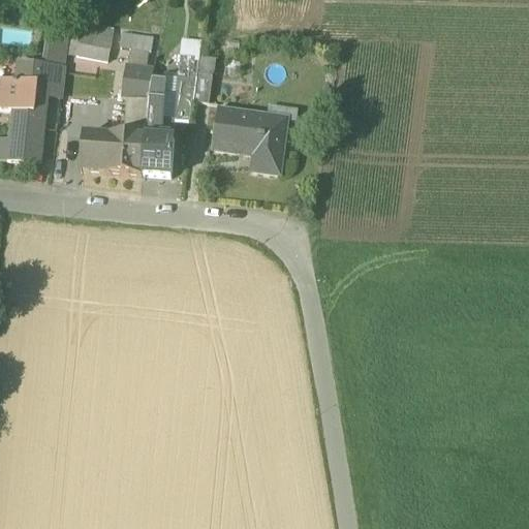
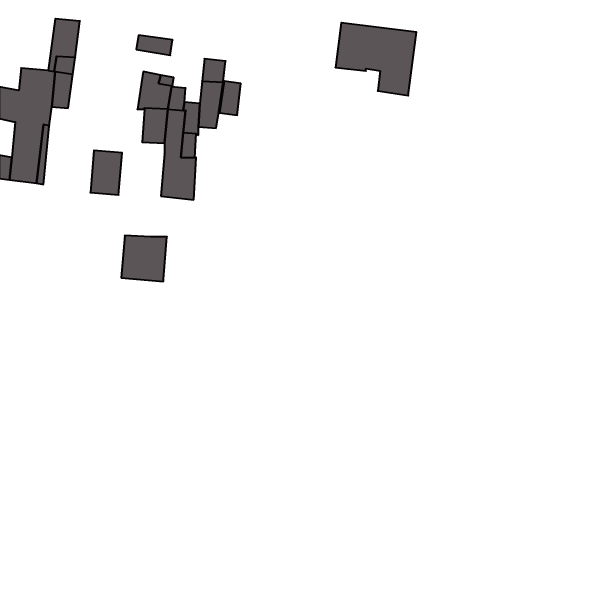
building: [75,20,113,58] -> none
building: [214,108,285,173] -> [335,23,416,96]
building: [104,134,145,175] -> [121,236,167,281]

